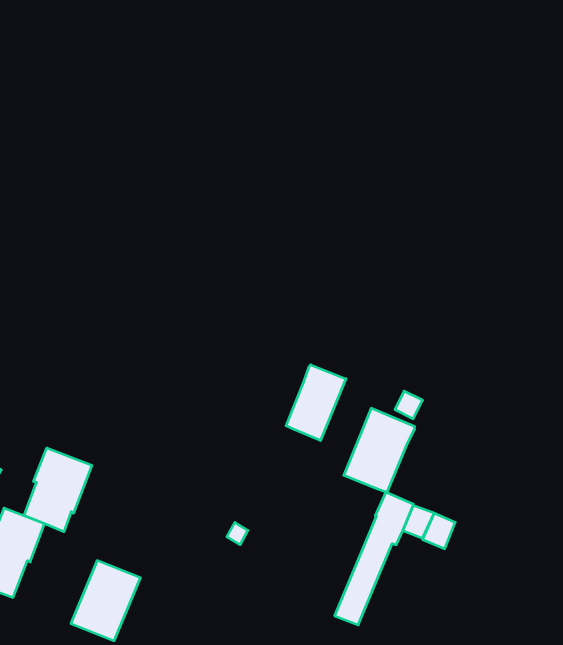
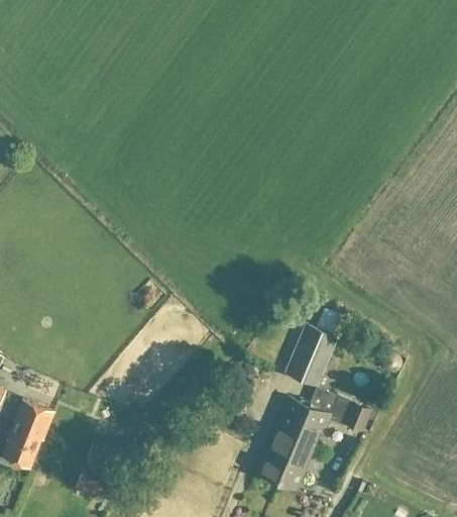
building: [286,365,346,441] -> none
building: [24,448,92,532] -> none
building: none -> [259,398,309,483]

